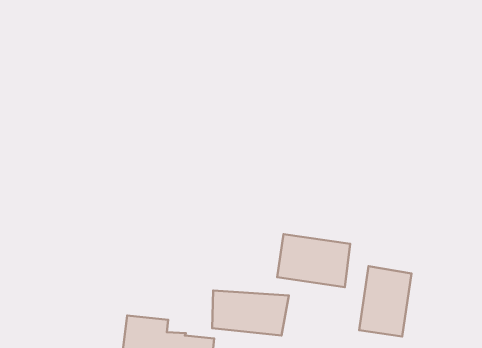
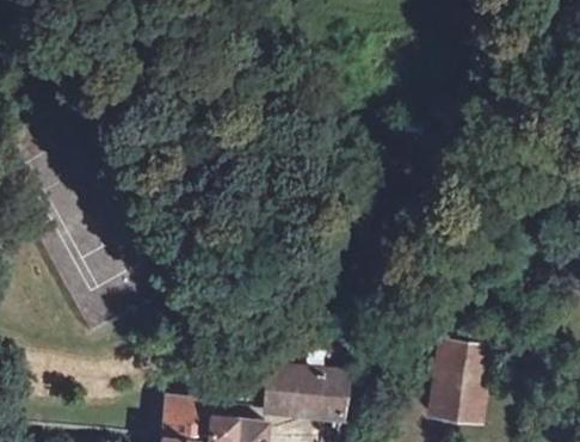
building: [277,234,350,287] -> none

